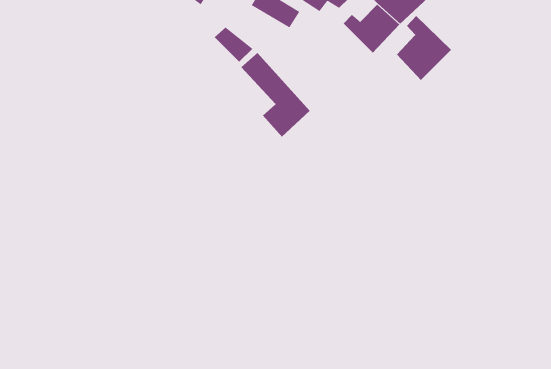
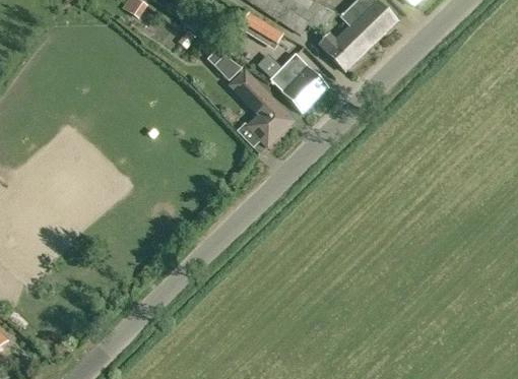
building: [396,15,452,81] -> none
building: none -> [269,54,327,112]

